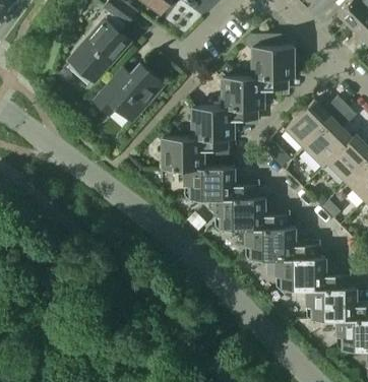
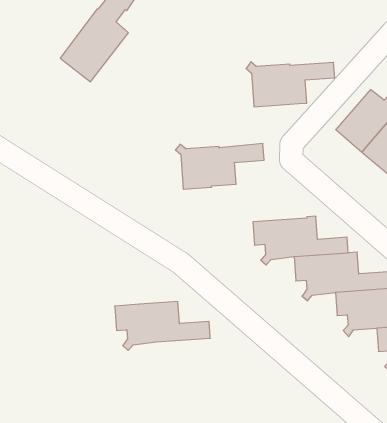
building: [243,35,294,77] -> none
building: [93,64,164,121] -> none
building: [187,103,257,138] -> none
building: [184,168,257,203] -> [115,302,210,350]

